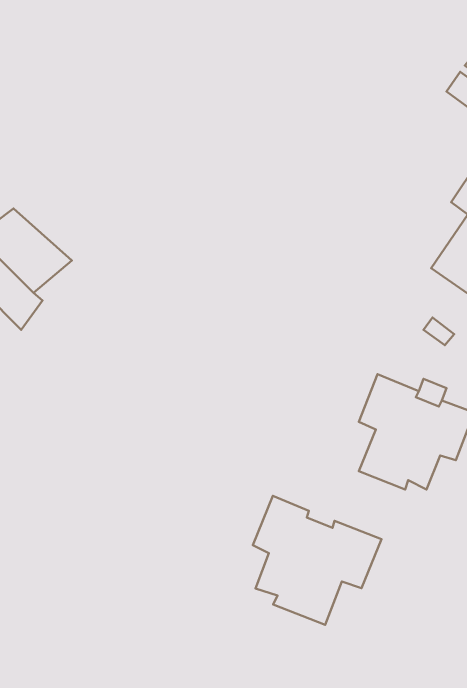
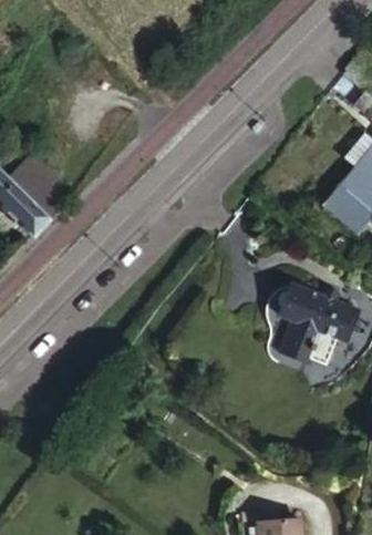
building: [253,496,382,625] -> none

